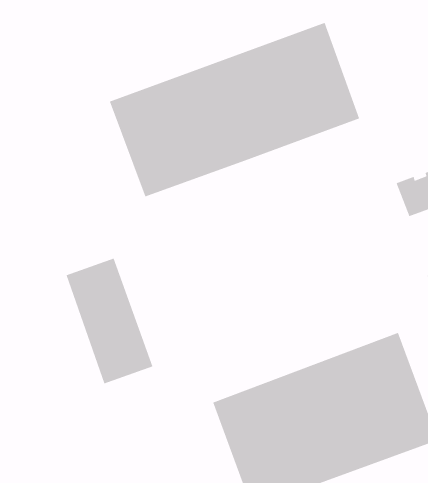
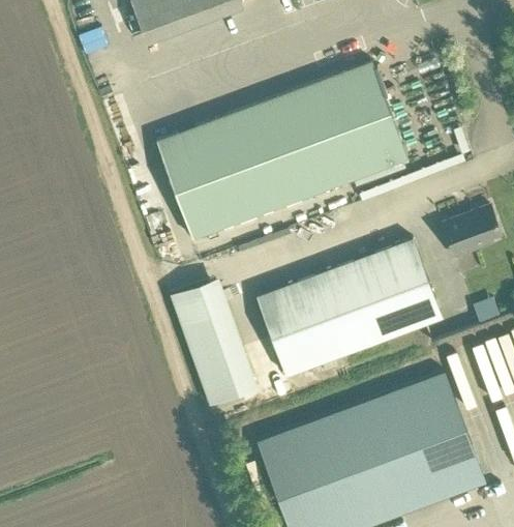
building: none -> [255,239,441,376]
building: [65,257,153,385] -> [170,277,258,405]

